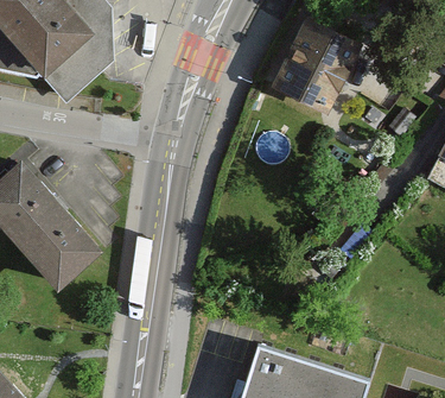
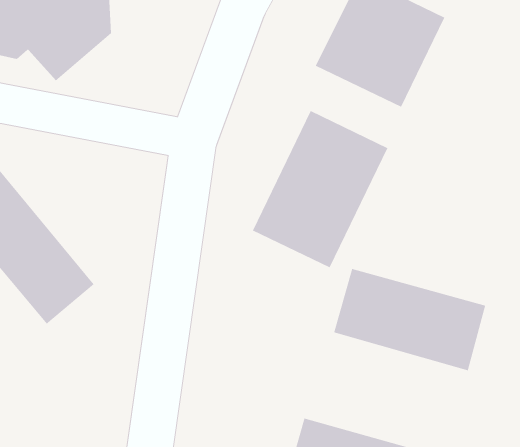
building: none -> [252,110,388,268]
building: none -> [334,268,486,371]

